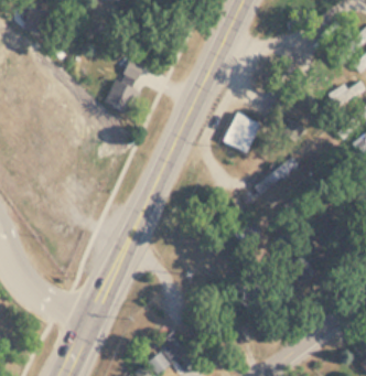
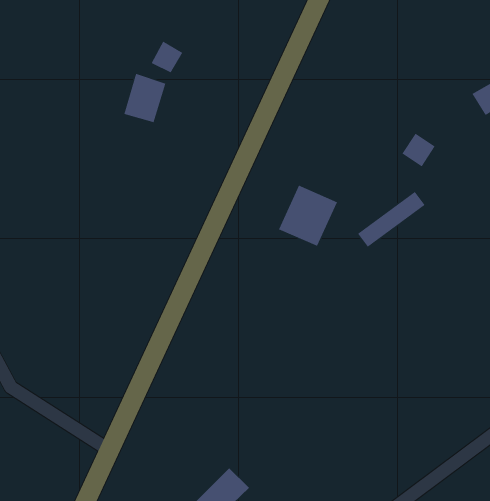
building: [223,112,261,152] -> [278,185,338,246]

